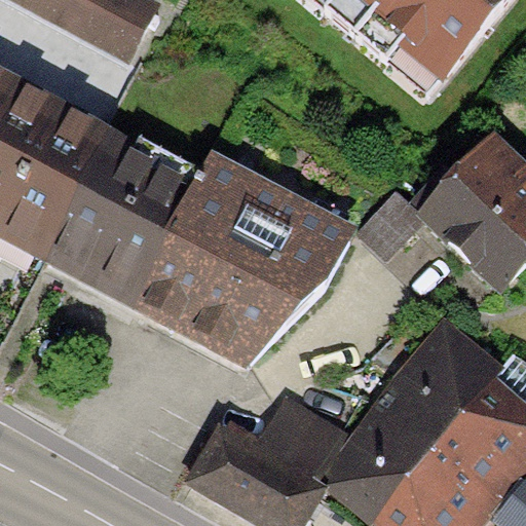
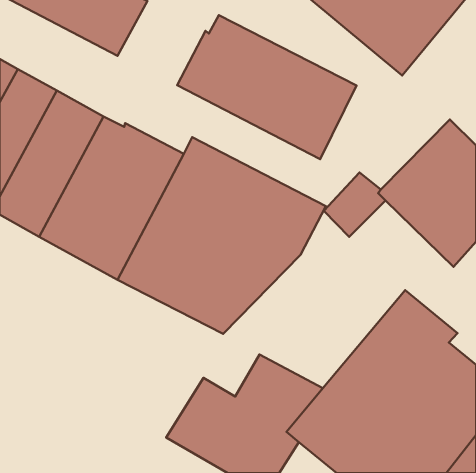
building: none -> [177,15,357,159]

